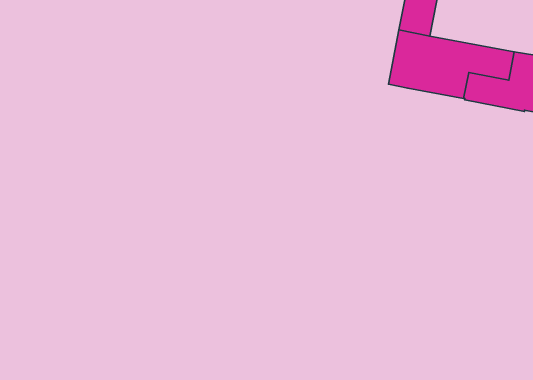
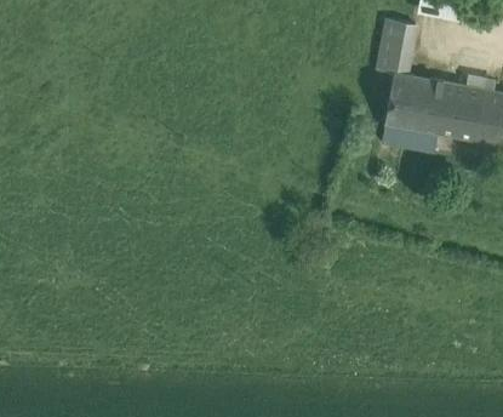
building: none -> [382,122,439,153]

